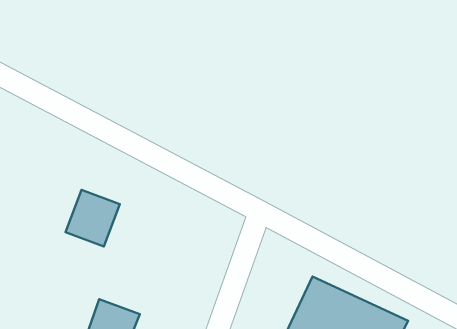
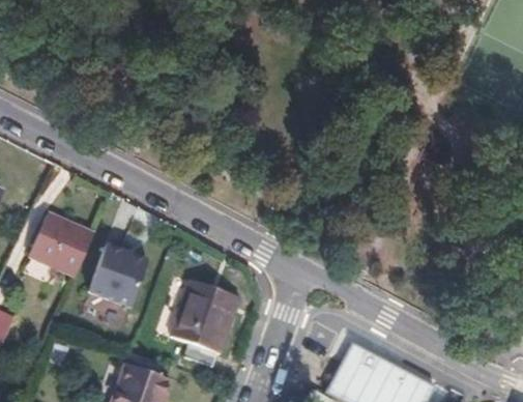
building: none -> [31,209,94,270]
building: none -> [174,288,237,361]

